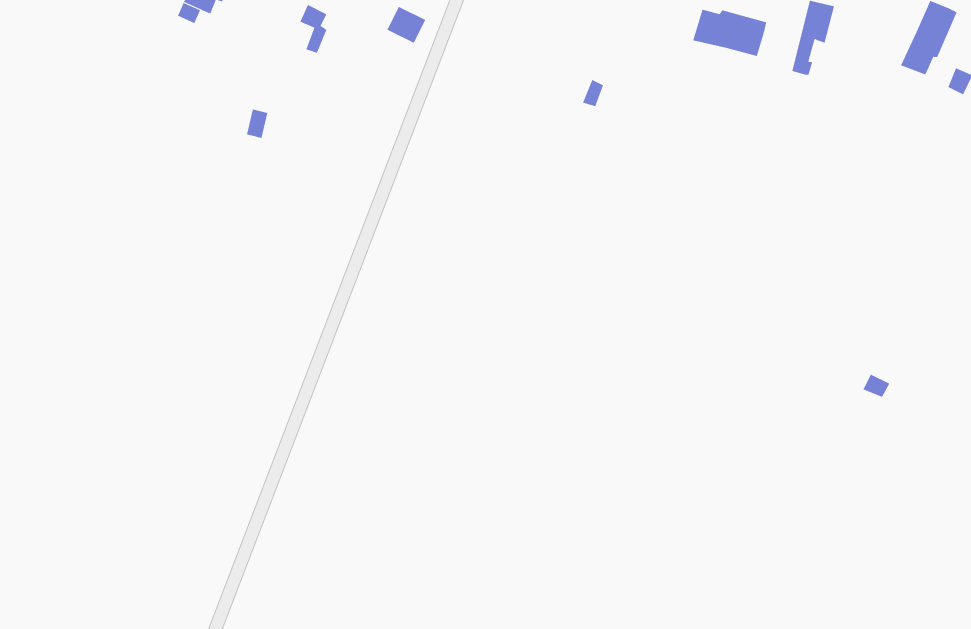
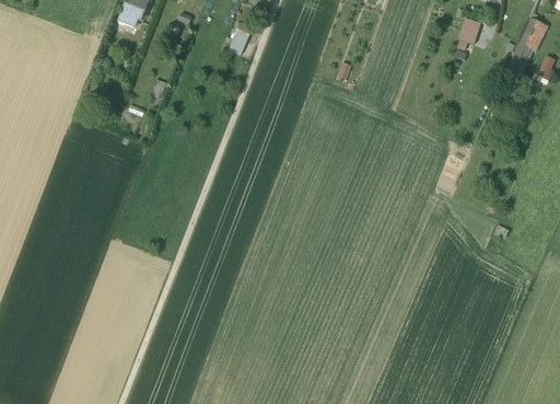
building: [692,9,767,57] -> none

